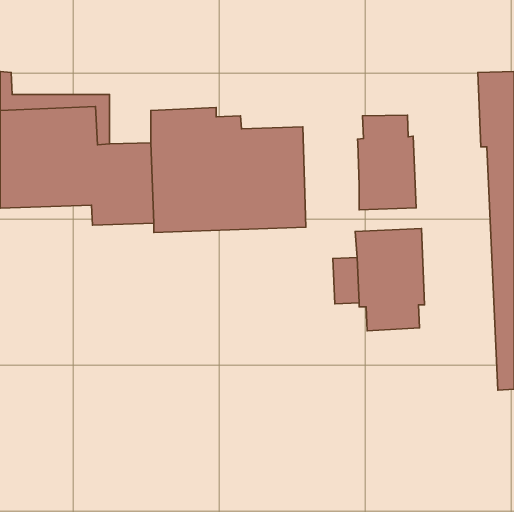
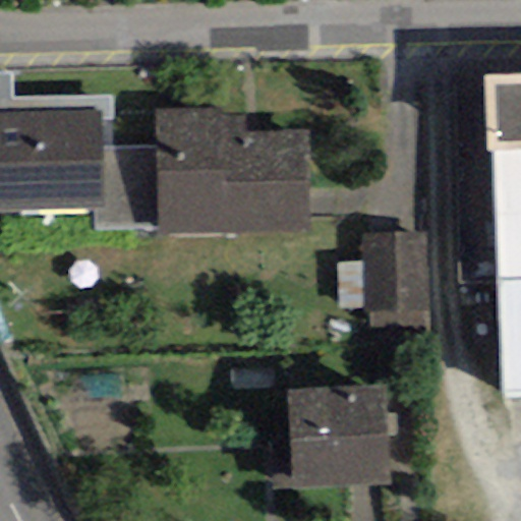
building: [357,115,416,210] -> none
building: none -> [286,382,390,488]

